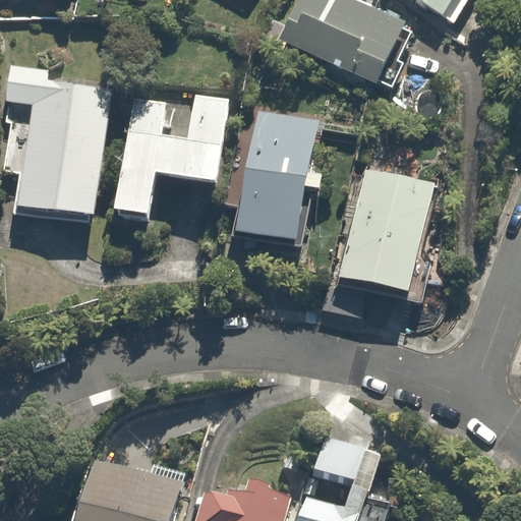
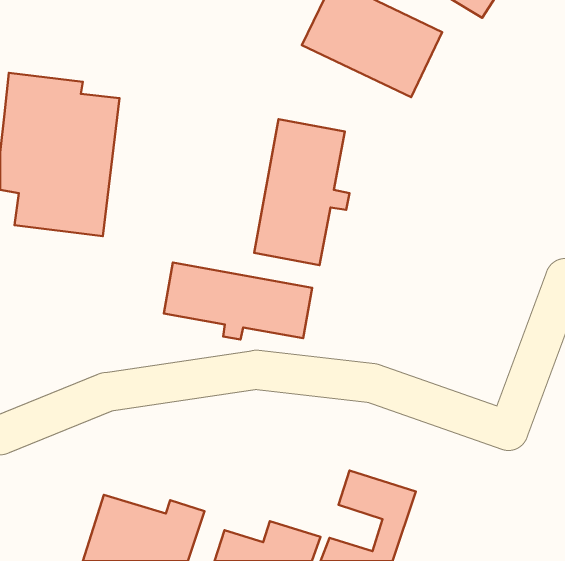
building: [116,96,230,222] -> none
building: [335,170,433,296] -> none
building: none -> [164,263,312,339]

